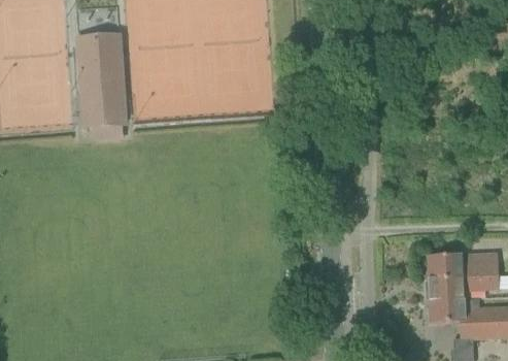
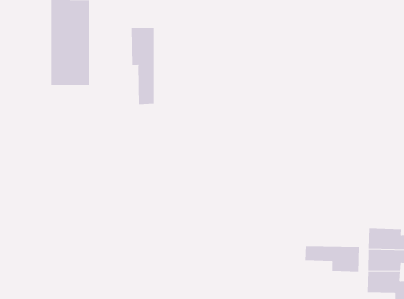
building: none -> [131,27,154,105]
building: none -> [305,245,359,273]

